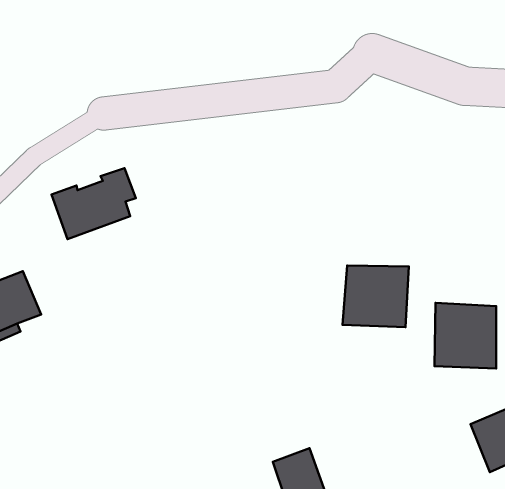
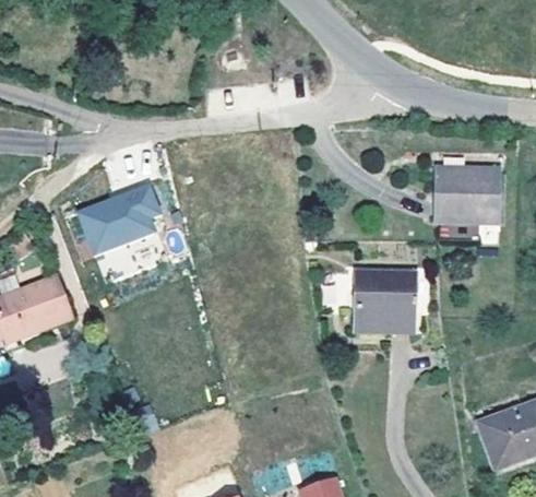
building: none -> [432,169,500,225]
building: [434,303,496,368] -> none

